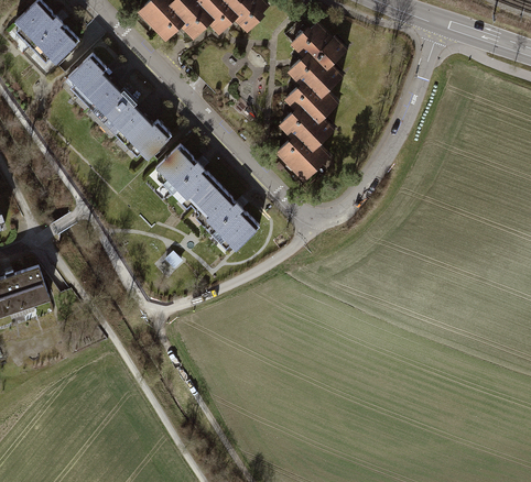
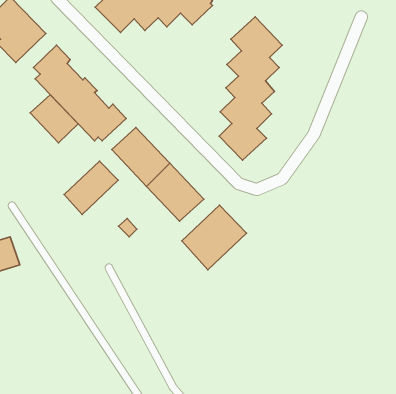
building: none -> [30,95,78,143]
building: none -> [64,161,118,215]
building: none -> [182,205,247,270]

